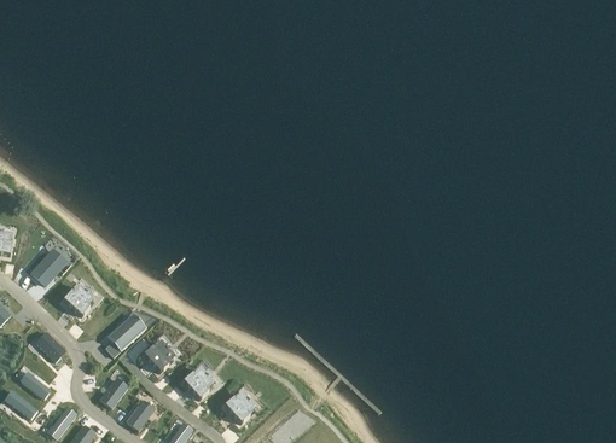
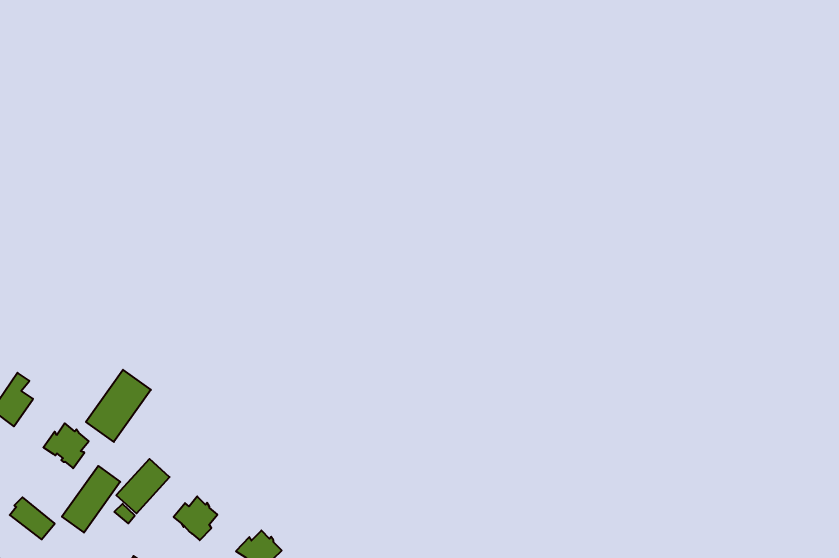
building: none -> [86,370,151,442]
building: none -> [62,466,120,533]

